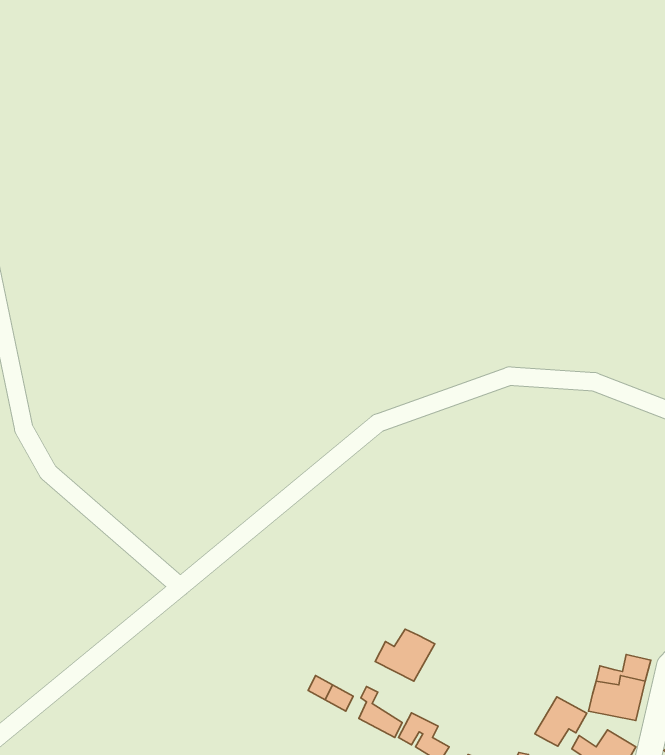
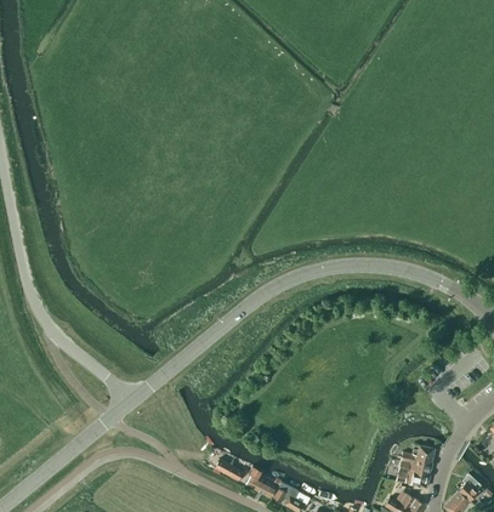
building: [375,629,435,681] -> none
building: [535,697,587,746] -> none

